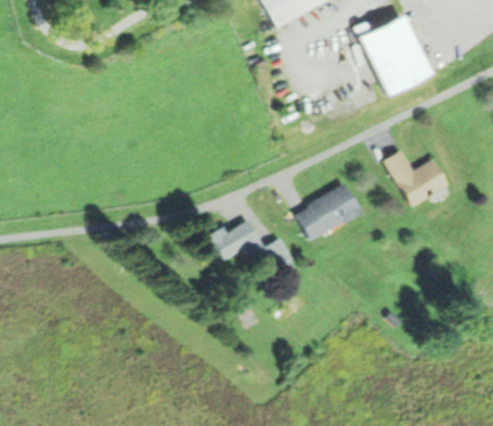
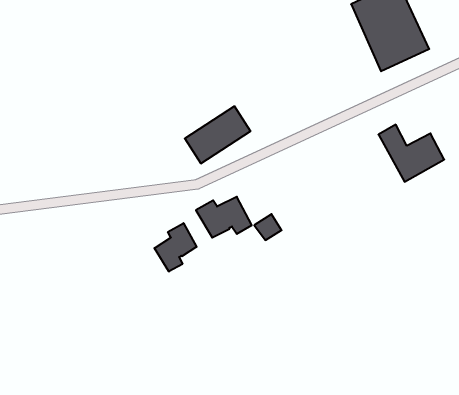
building: [296,185,360,241] -> [185,106,251,163]
building: none -> [154,223,197,272]

